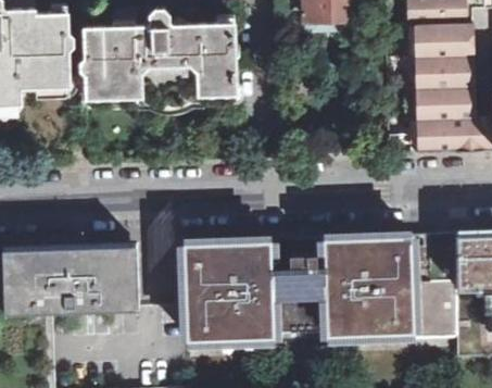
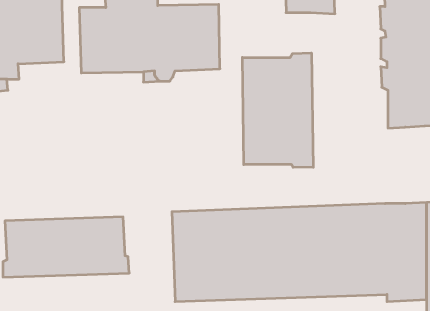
building: none -> [242,53,313,167]

